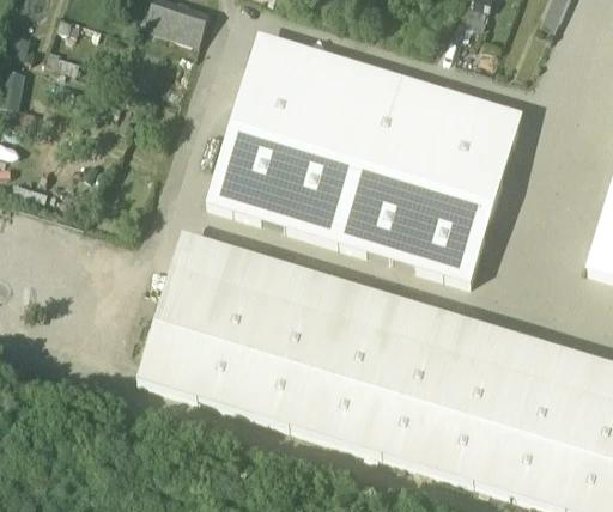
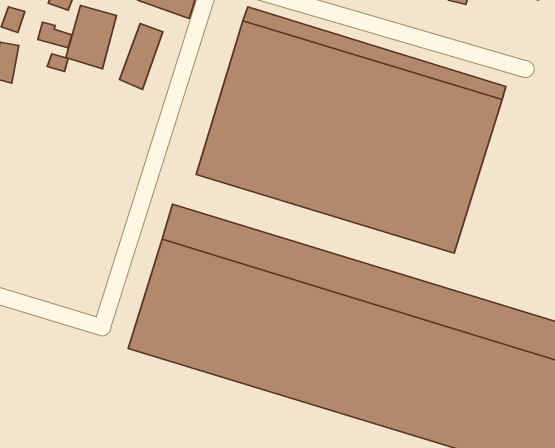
building: none -> [66,6,117,69]
building: none -> [120,24,163,89]

